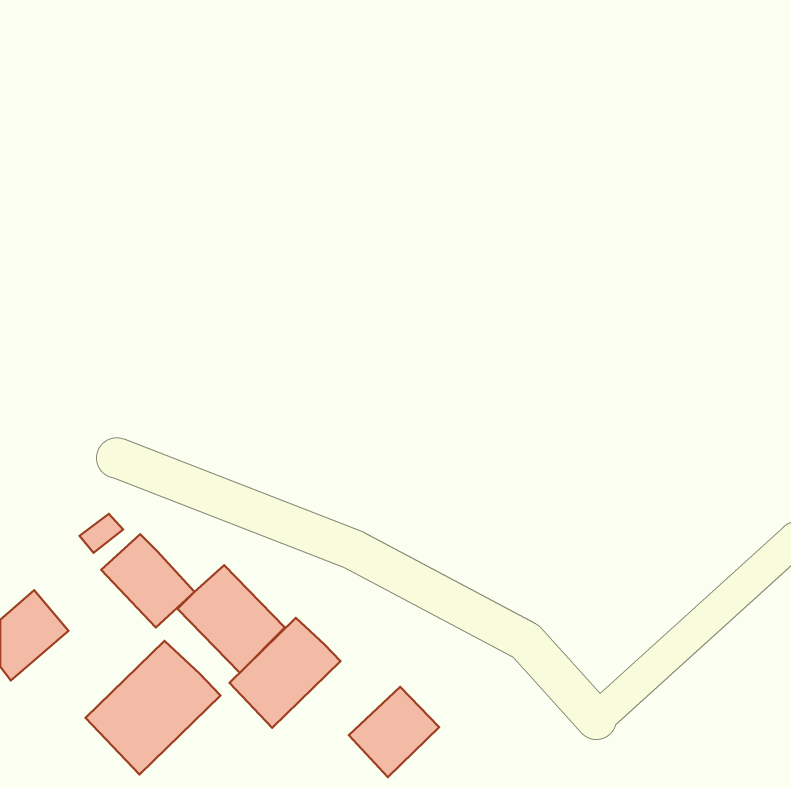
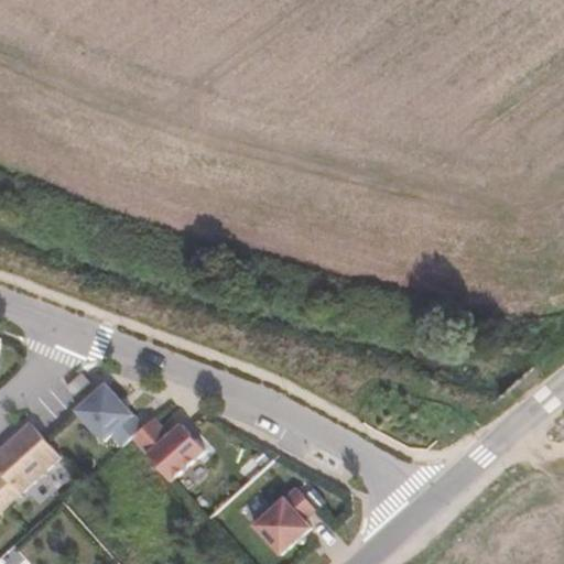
building: [230,618,340,728] -> none
building: [86,641,220,774] -> none

